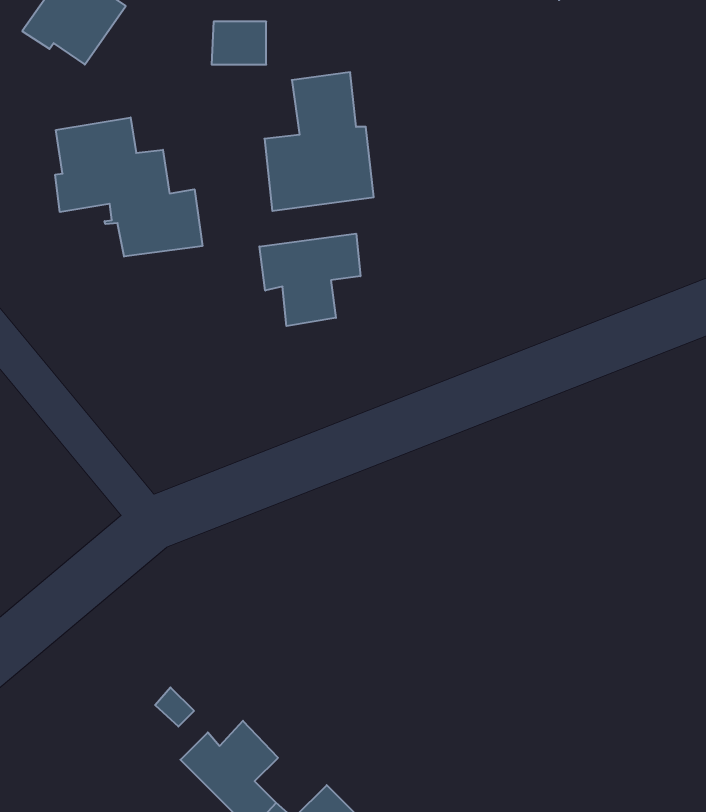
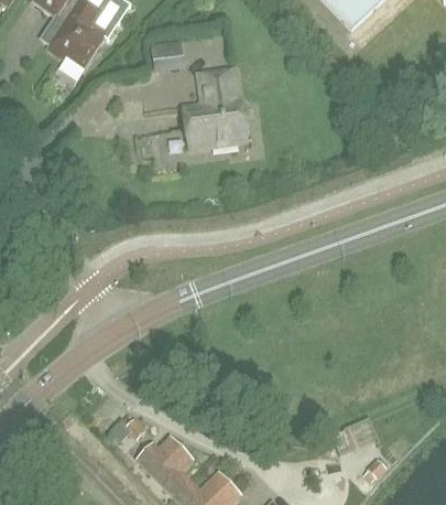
building: [55,117,202,257] -> none
building: [259,234,360,326] -> none

